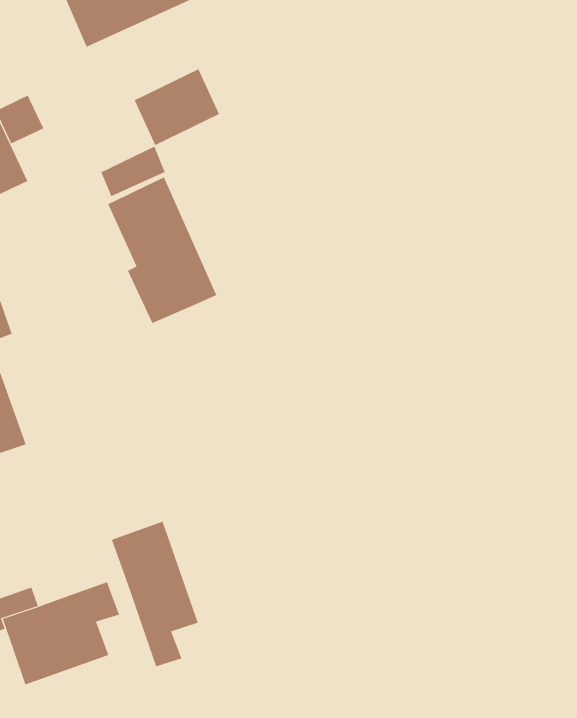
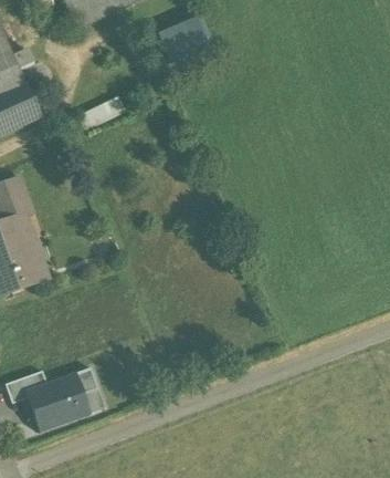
building: [134,69,220,146] -> [160,12,214,61]
building: [108,177,218,324] -> none
building: [111,521,198,667] -> none

